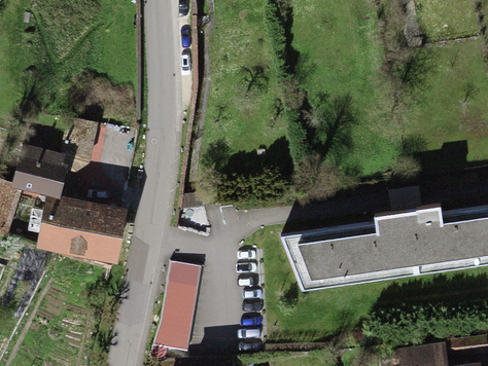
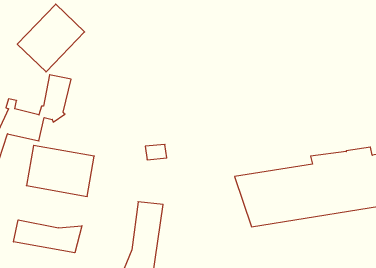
building: none -> [17,4,85,72]
building: none -> [14,220,82,253]

